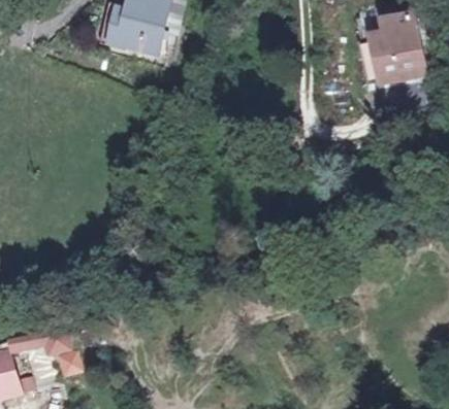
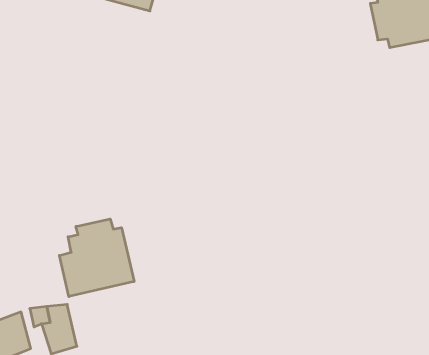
building: none -> [59,219,134,297]

